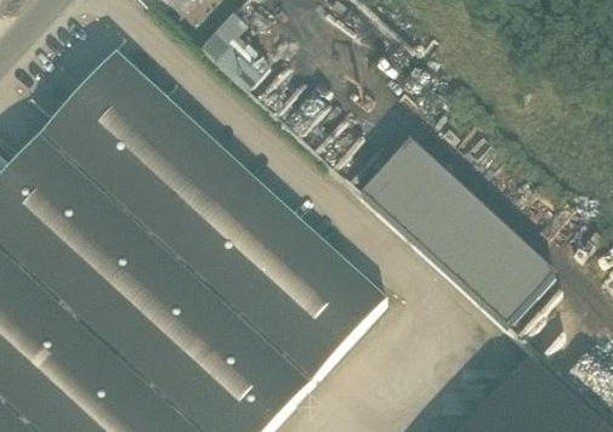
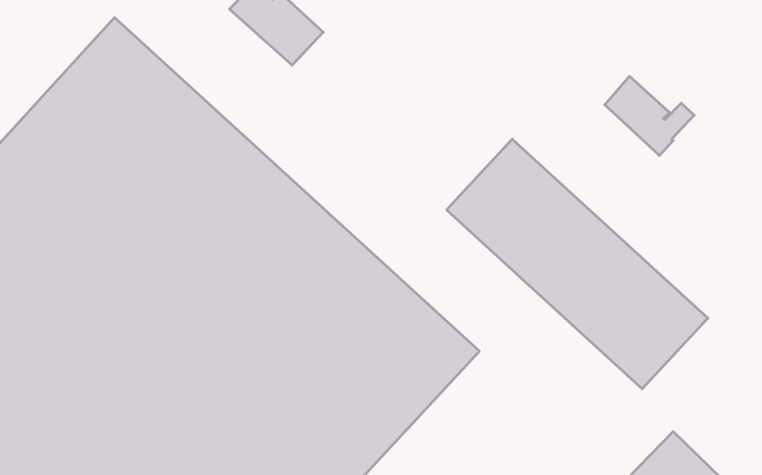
building: none -> [605,76,694,156]

